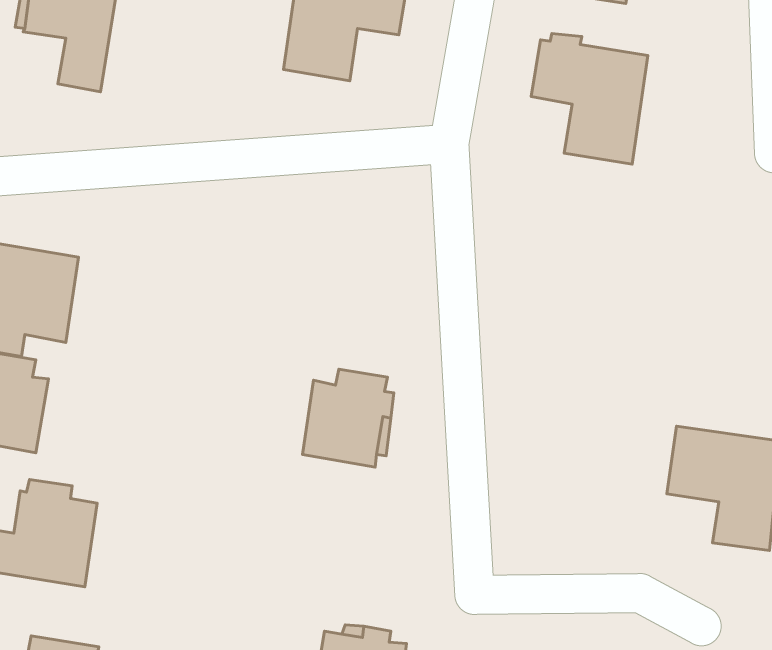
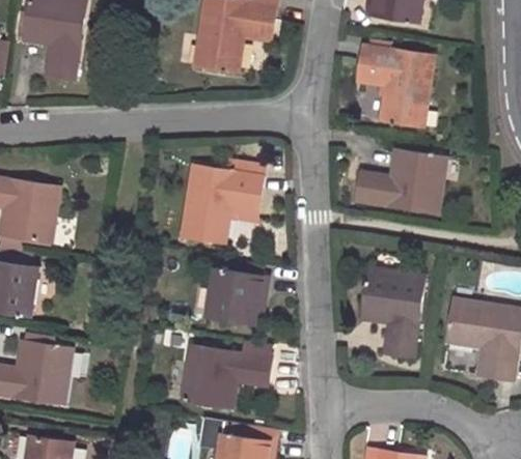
building: none -> [355,149,445,213]
building: none -> [181,162,263,243]
building: none -> [361,266,424,357]
building: none -> [181,342,270,409]

